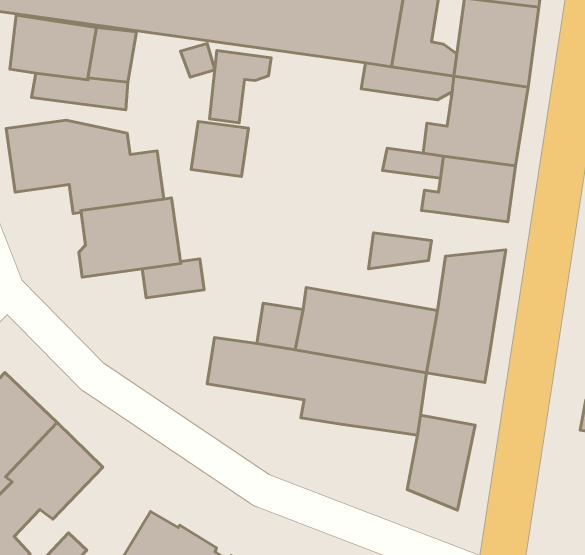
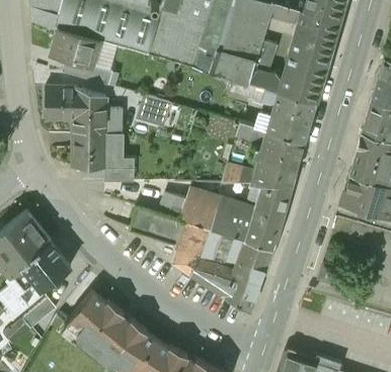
building: [210,50,271,123] -> none
building: none -> [252,159,296,183]
building: none -> [237,241,272,271]
building: none -> [173,255,234,299]

